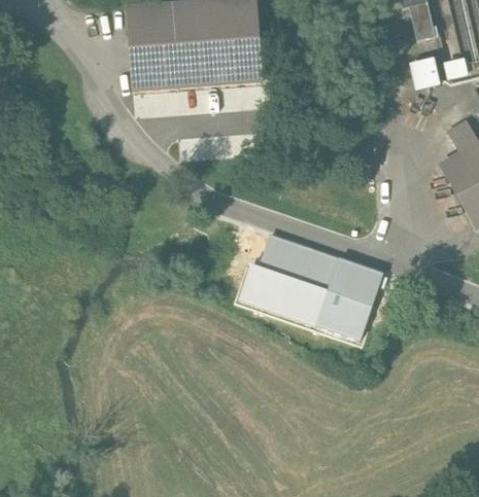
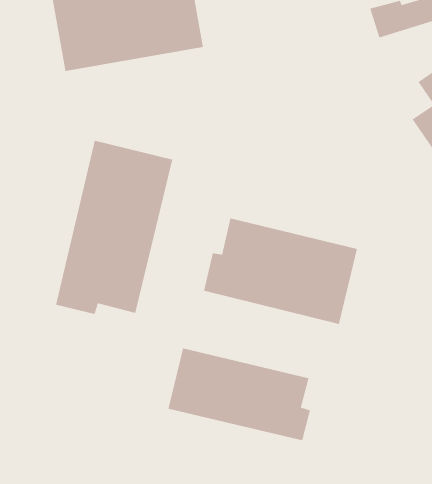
building: none -> [55,140,173,315]
building: none -> [168,347,311,441]

